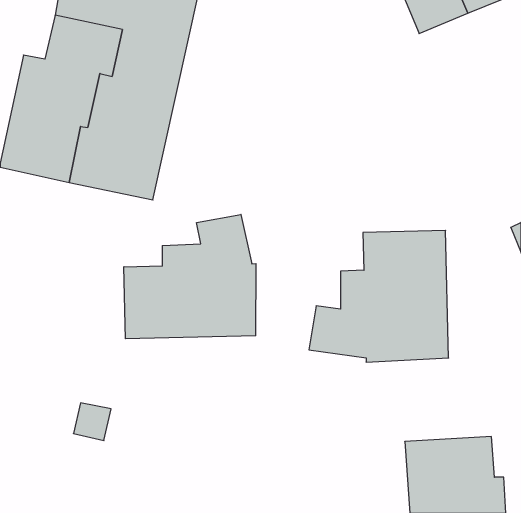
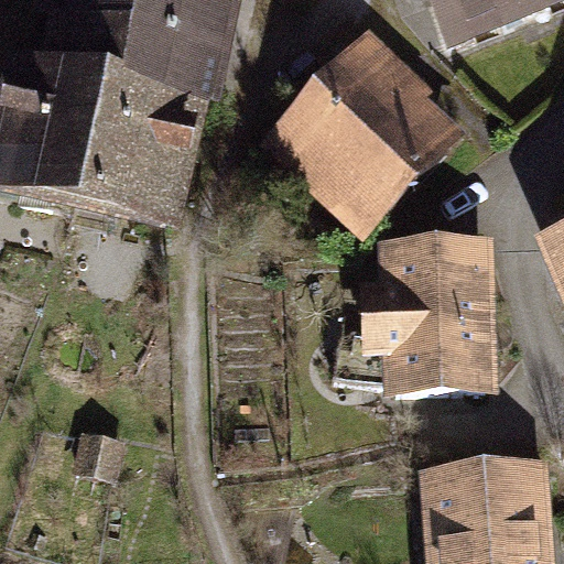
building: none -> [283,35,447,216]
building: [124,214,256,339] -> none

